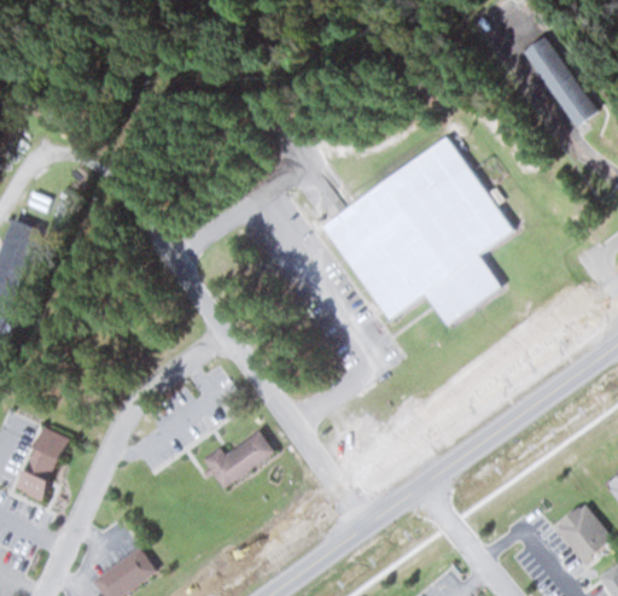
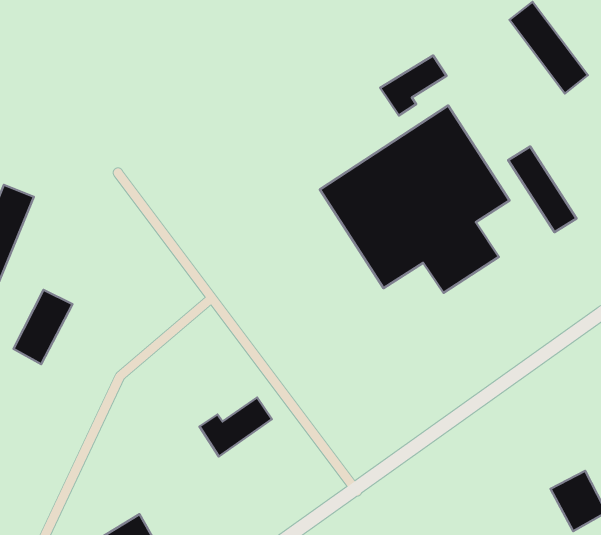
building: none -> [380,55,446,116]
building: none -> [508,147,577,232]
building: [14,427,74,502] -> [14,290,72,364]

